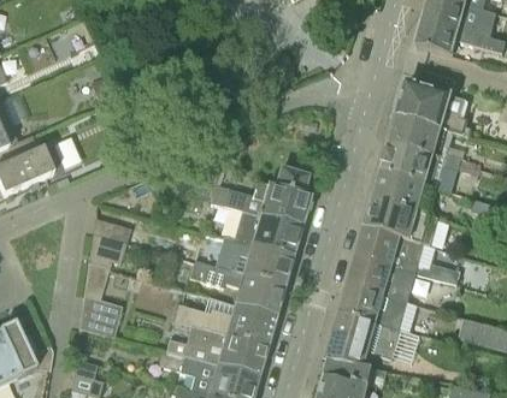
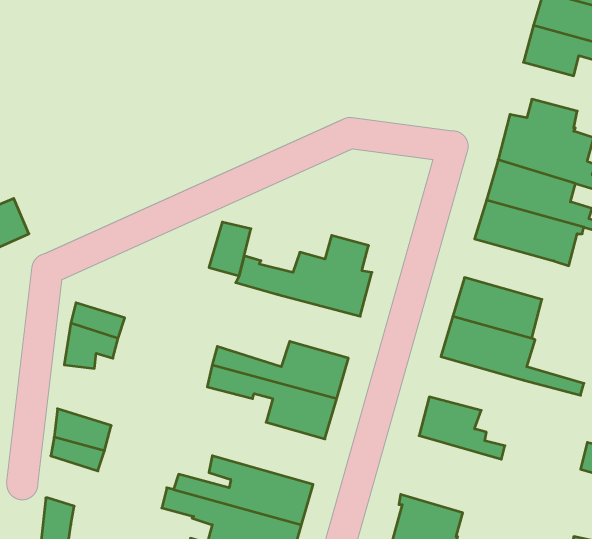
building: [375,172,438,215] -> none
building: [232,212,300,257] -> none
building: [349,256,417,301] -> none
building: [173,297,275,347] -> none
building: [329,313,401,368] -> none

